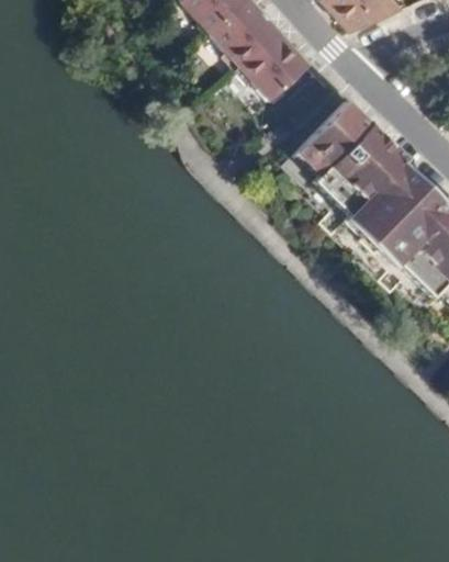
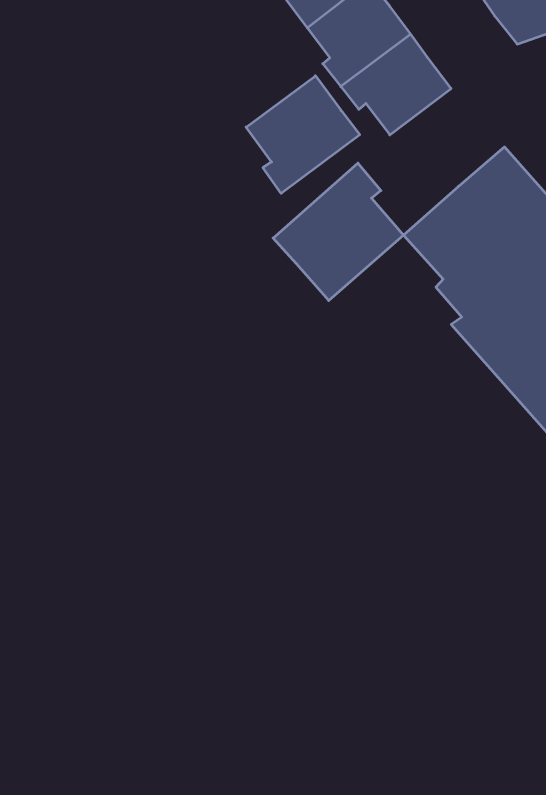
building: none -> [246,76,360,193]
building: none -> [273,163,404,301]

